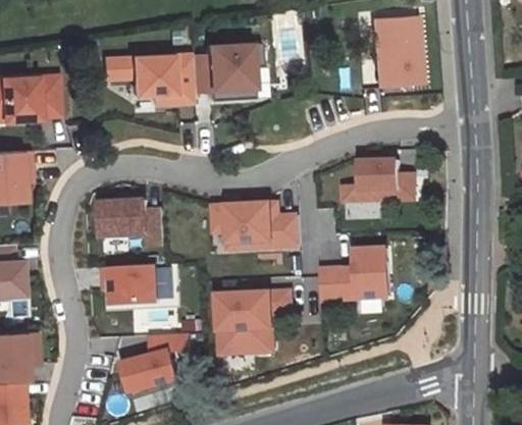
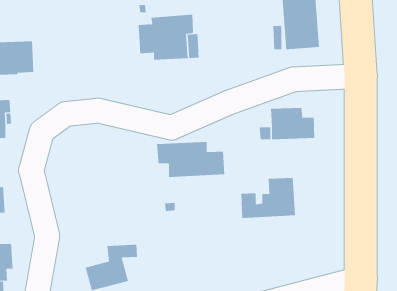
building: [102,53,192,103] -> none
building: [99,200,163,245] -> none
building: [102,265,157,305] -> none
building: [216,291,291,354] -> none

